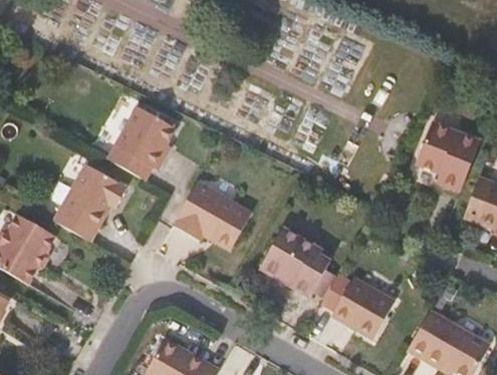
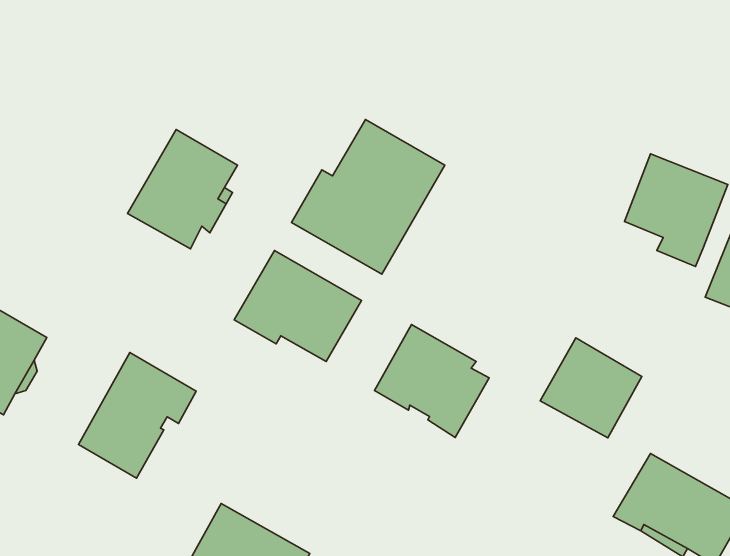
building: none -> [292,120,445,274]
building: [53,163,127,242] -> [78,352,196,478]
building: [330,278,394,340] -> [540,338,642,438]

